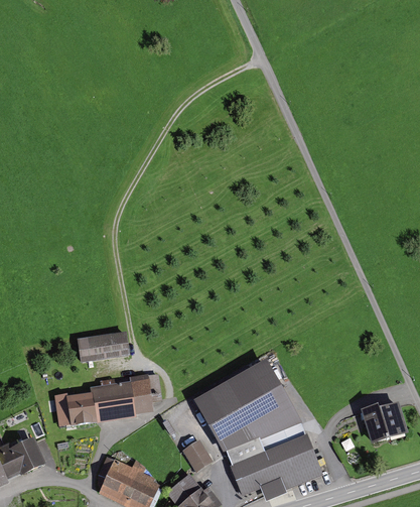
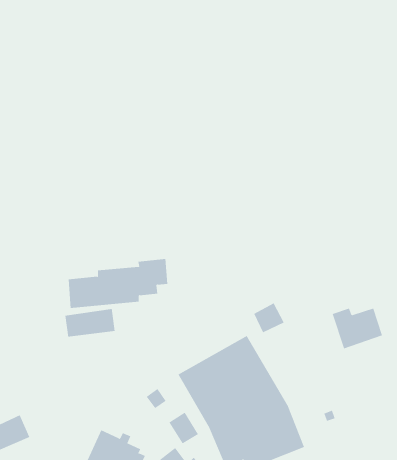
building: none -> [253,303,284,333]
building: [59,374,162,425] -> [68,258,168,309]
building: [359,403,411,446] -> [332,308,383,349]

